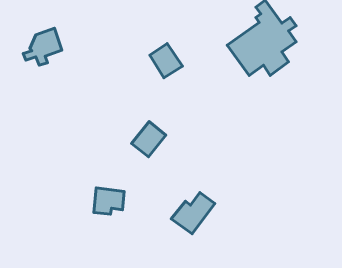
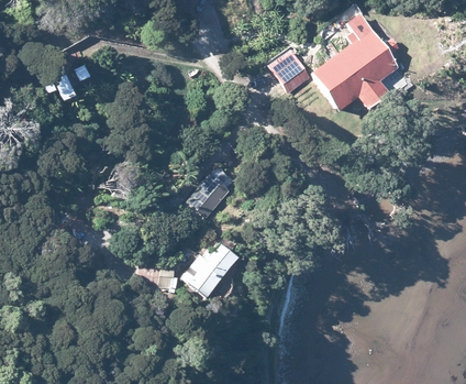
building: [150,44,182,78] -> [268,48,311,94]
building: [171,193,215,234] -> [181,243,238,297]

